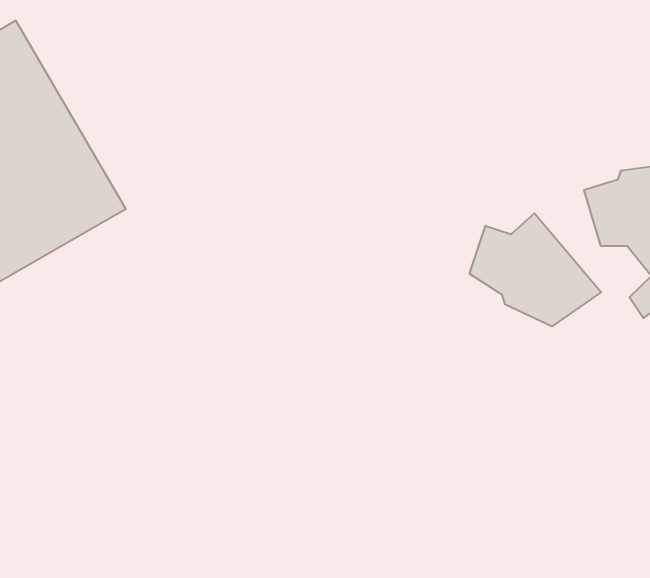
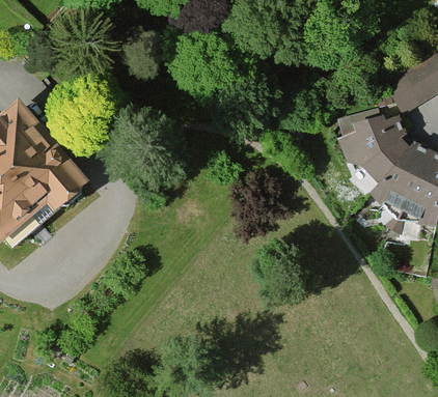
building: [470,213,601,326] -> none

